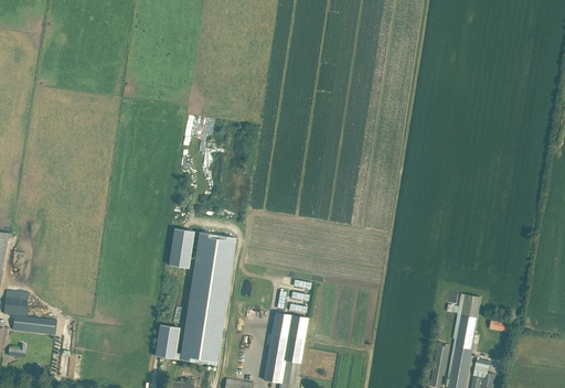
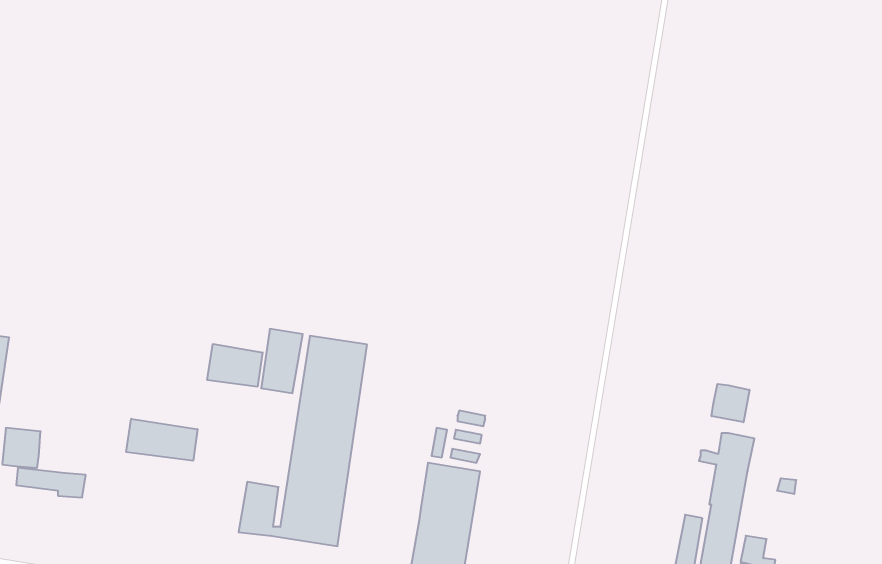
building: none -> [207,344,263,387]
building: none -> [712,384,749,422]
building: none -> [126,419,197,461]

